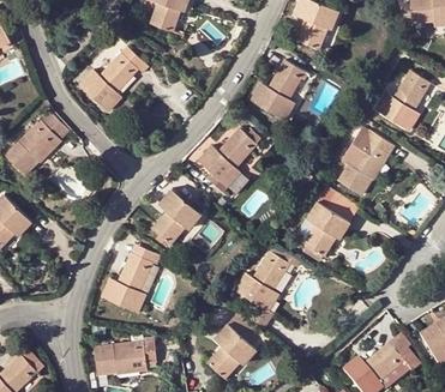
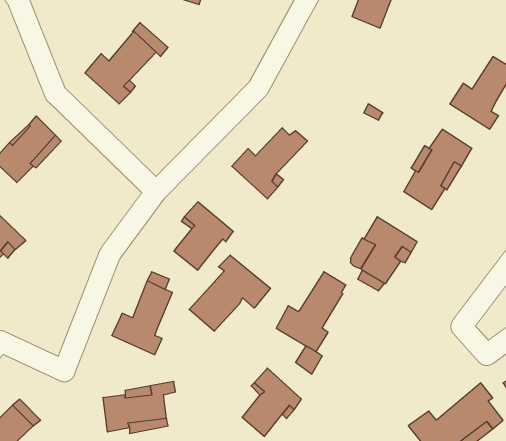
building: [251,60,303,119] -> none
building: [317,186,359,221] -> none
building: none -> [189,255,271,331]

